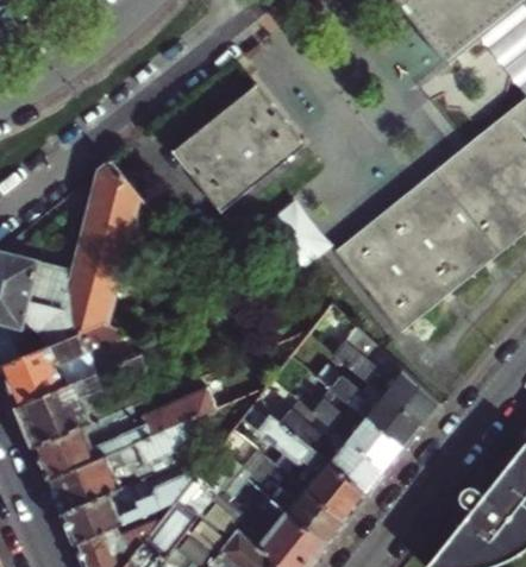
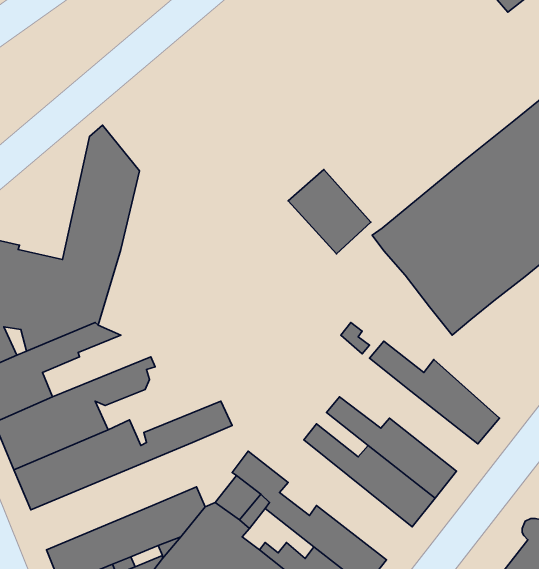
building: [168,83,303,215] -> none
building: [314,364,422,448] -> none
building: [242,403,368,522] -> none
building: [50,424,193,514] -> none

